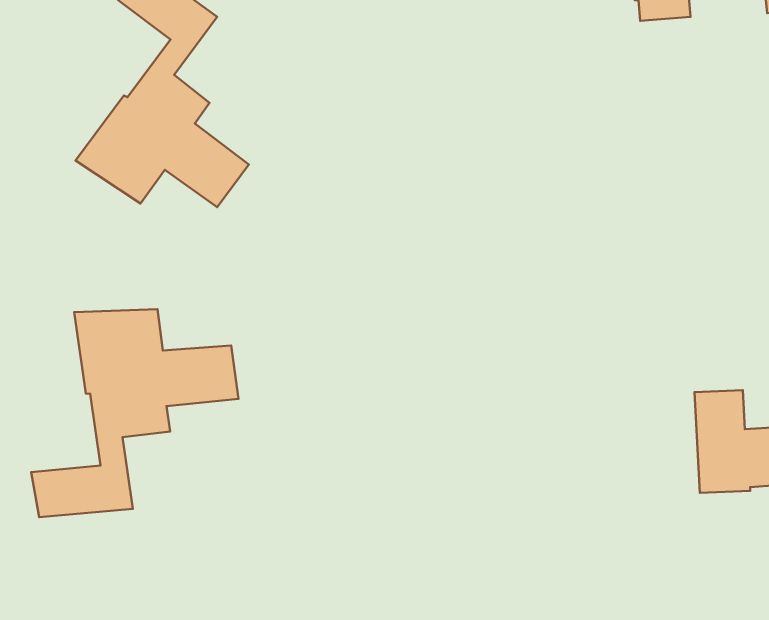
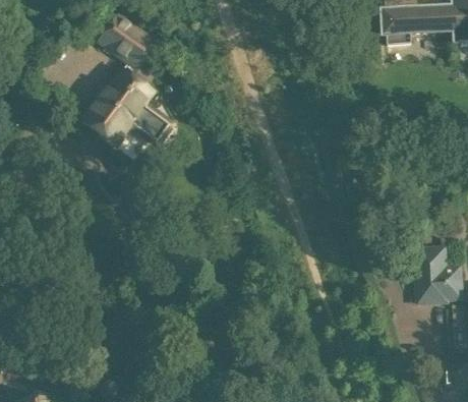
building: [31,309,239,517] -> none

